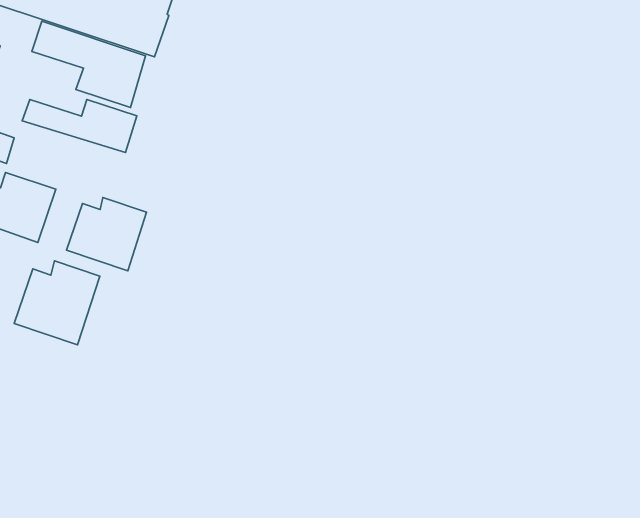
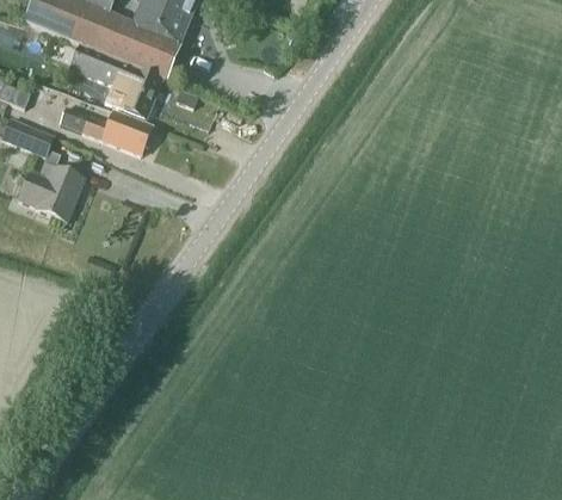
building: [67,197,146,271] -> none
building: [14,261,100,345] -> none

